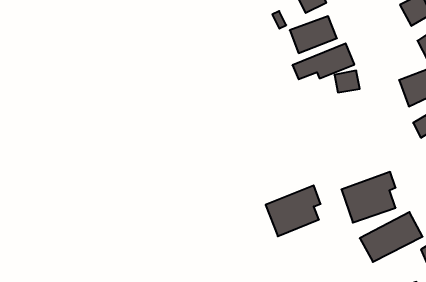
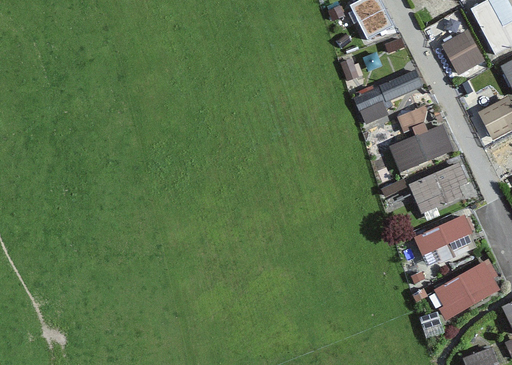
building: none -> [440,29,484,76]
building: none -> [397,130,452,169]
building: [266,185,321,236] -> [405,163,468,221]

